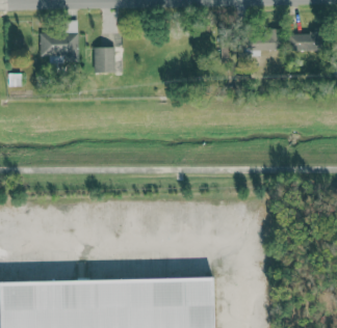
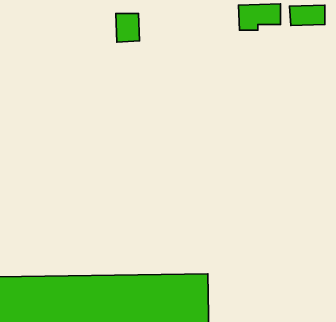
building: [38,32,78,62] -> none
building: [93,47,114,73] -> [116,14,140,42]

